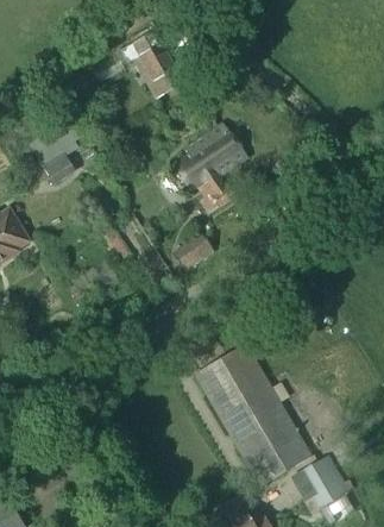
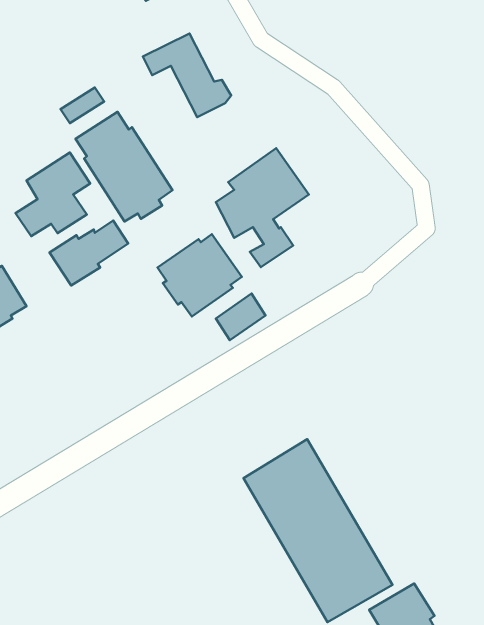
building: none -> [76,112,173,222]
building: none -> [49,221,128,286]
building: none -> [157,234,242,316]

